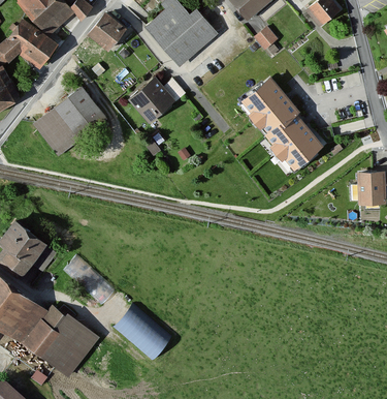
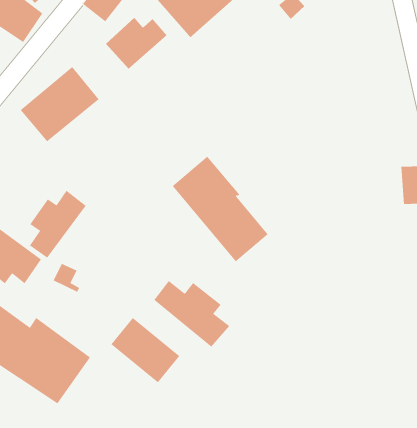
building: [240,76,322,166] -> [172,156,269,262]
building: [132,78,185,122] -> [105,17,168,70]
building: none -> [29,190,86,258]
building: none -> [153,280,230,348]

